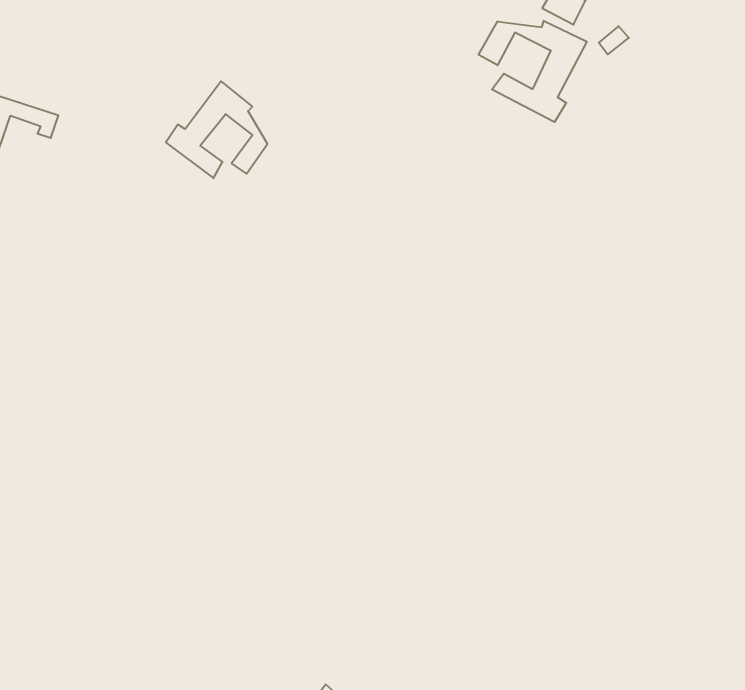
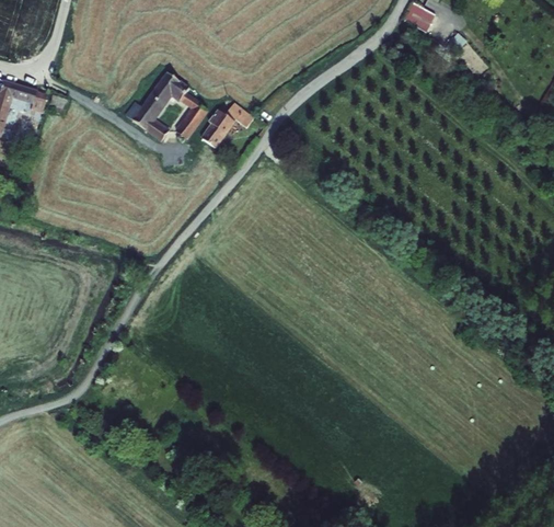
building: [479,21,587,122] -> none
building: none -> [210,100,243,134]

